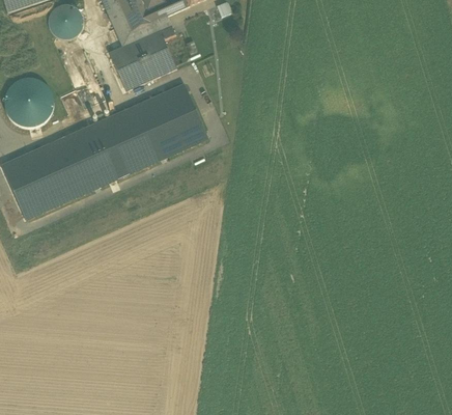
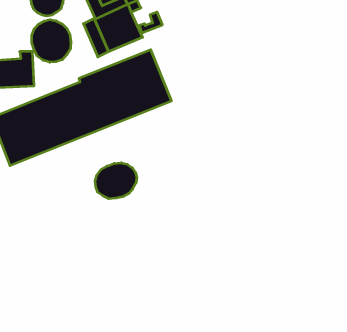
building: none -> [32,20,71,62]
building: none -> [95,163,137,199]

